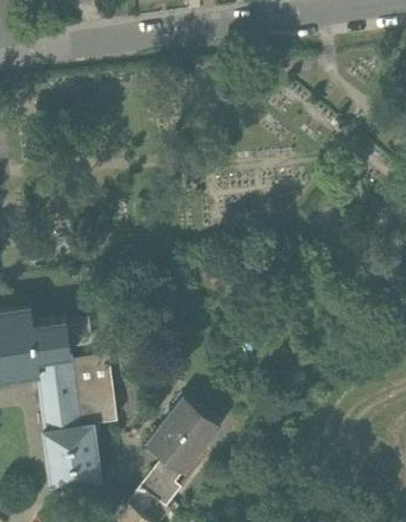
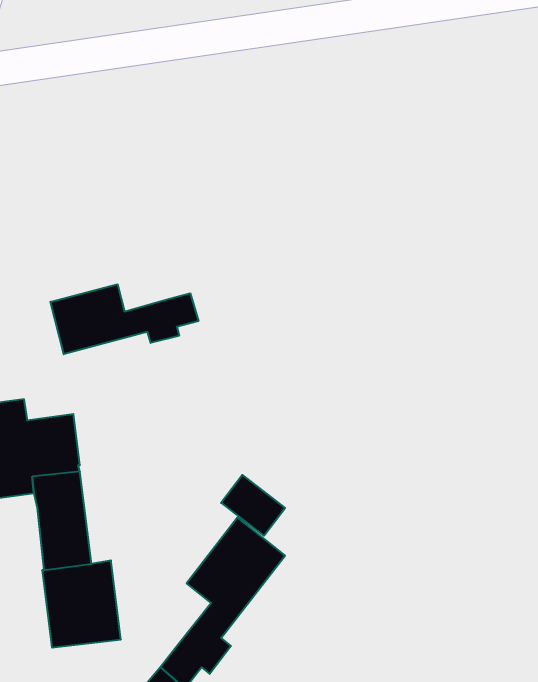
building: none -> [50,284,198,354]
building: [70,354,115,426] -> none

